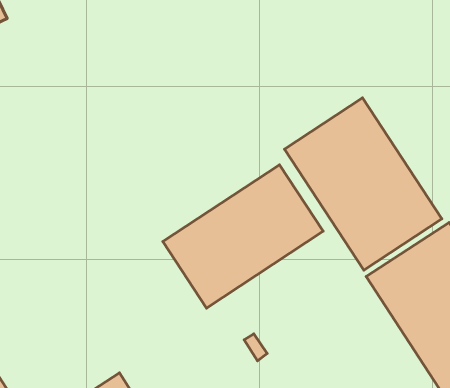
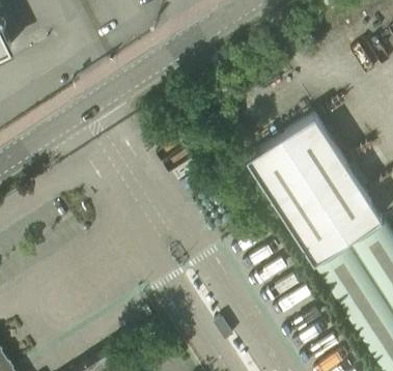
building: [163,165,323,308] -> none

